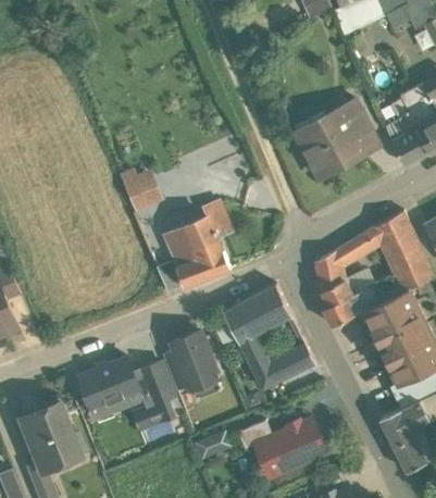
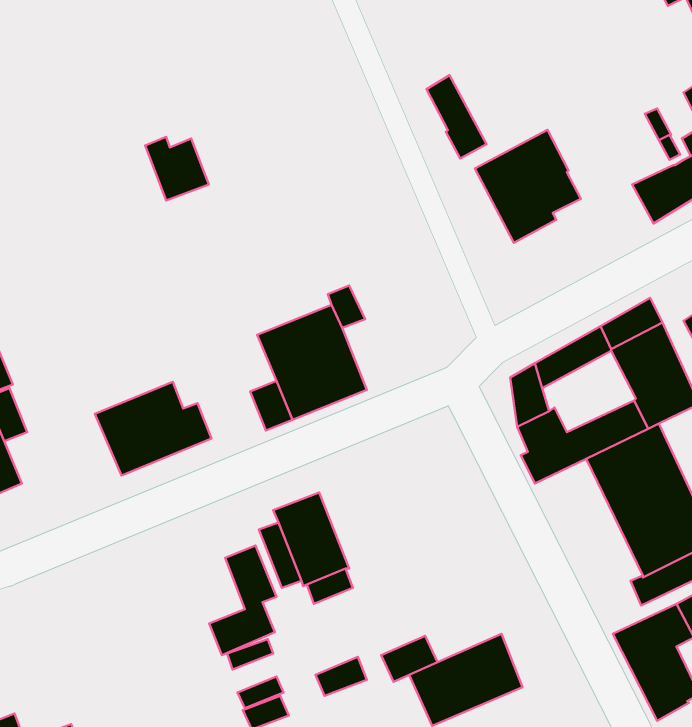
building: [340,100,377,151] -> [426,75,487,158]
building: [123,172,162,211] -> [145,137,209,200]
building: [223,285,315,390] -> none
building: [79,359,151,416] -> [95,382,212,476]
building: [23,404,79,464] -> none

